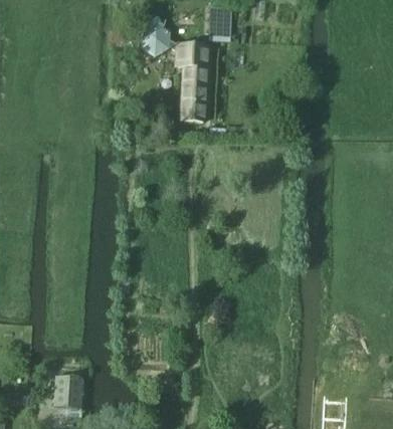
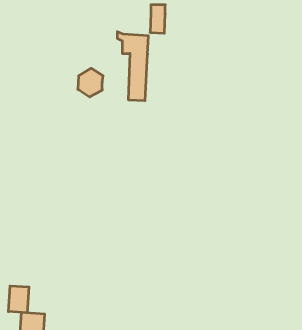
building: [141,23,171,57] -> [78,68,103,97]
building: none -> [8,286,29,313]

